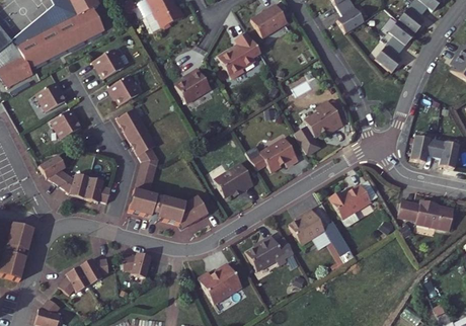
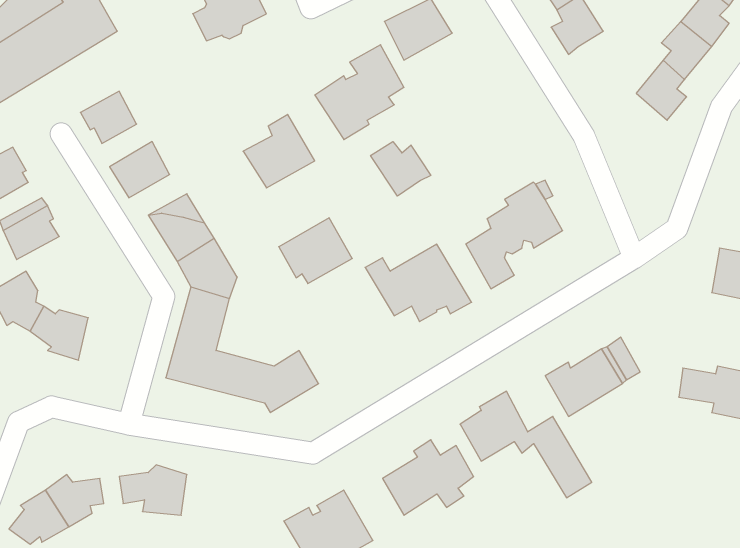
building: none -> [371,142,431,196]
building: [212,162,250,196] -> [279,218,352,284]
building: [86,173,112,200] -> none

